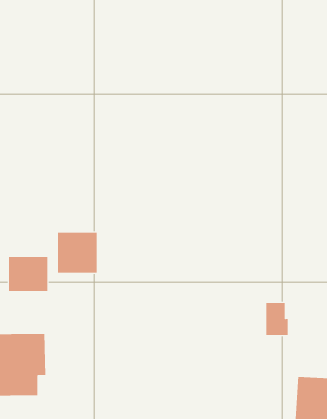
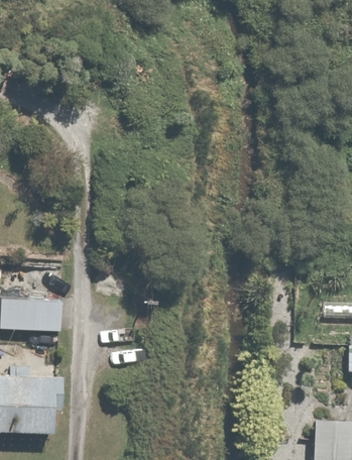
building: [58,232,97,273] -> none

